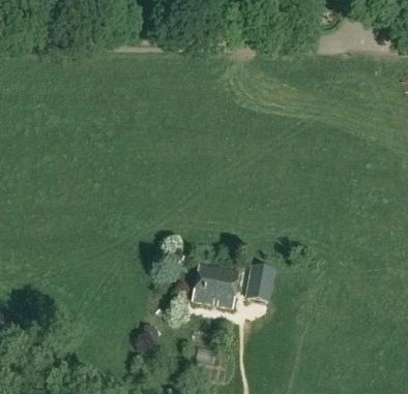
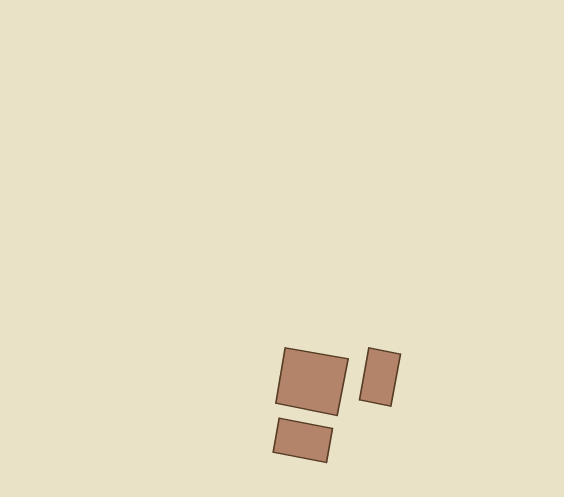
building: none -> [273,418,333,463]

